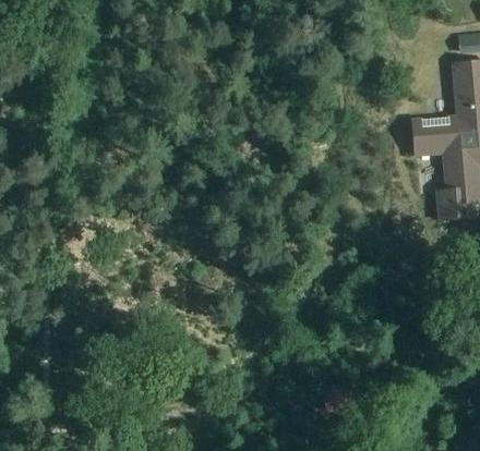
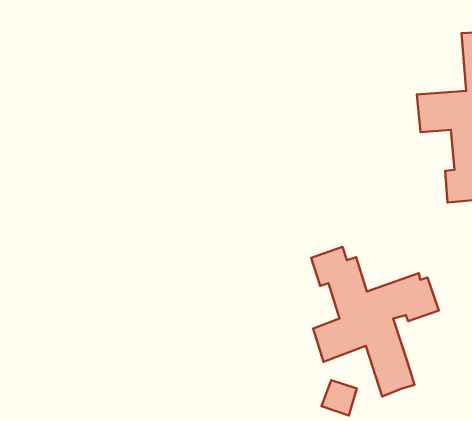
building: none -> [311,247,439,397]

